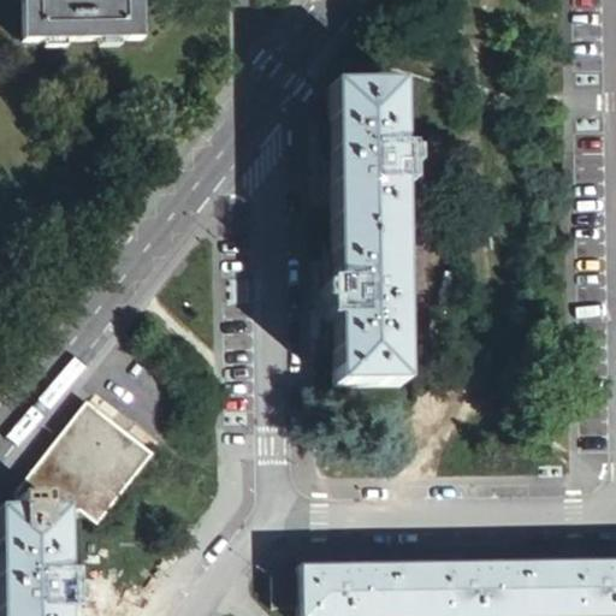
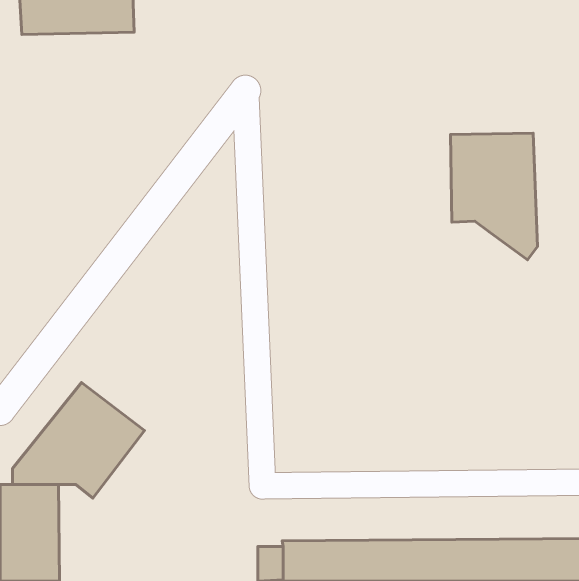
building: [336,83,408,386] -> none
building: none -> [451,133,538,260]

